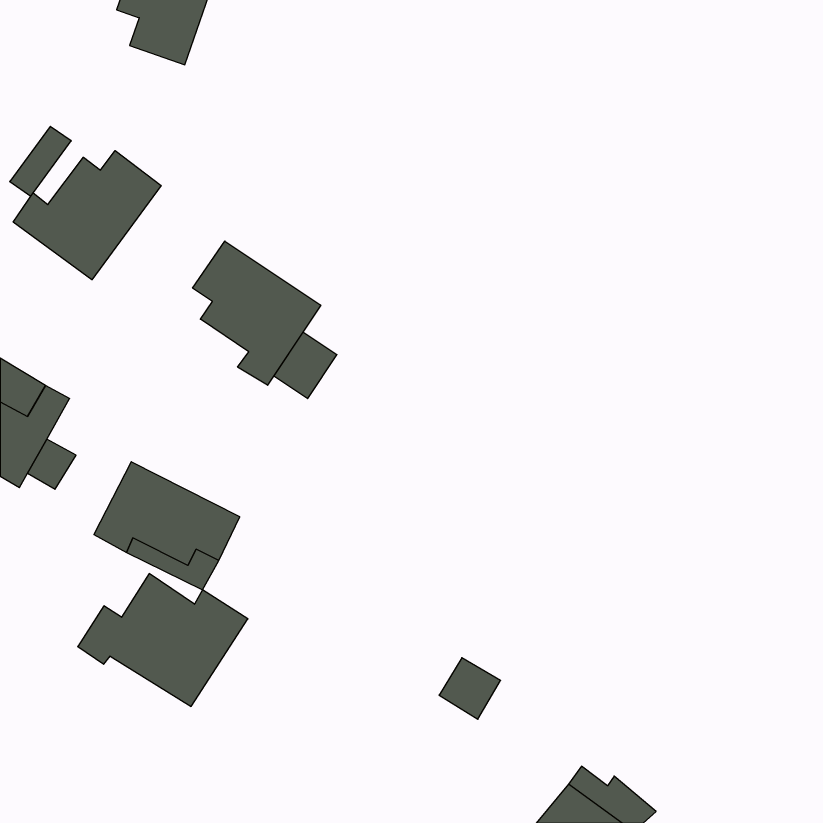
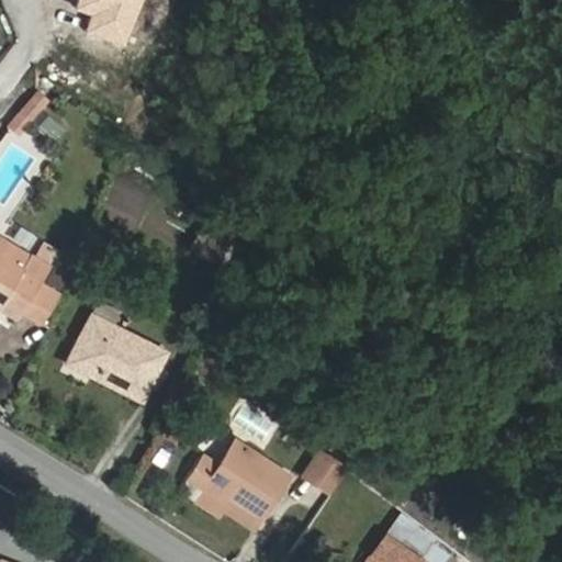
building: [13,151,161,280] -> none
building: [193,241,321,385] -> none
building: [78,574,248,706] -> [177,438,292,528]

